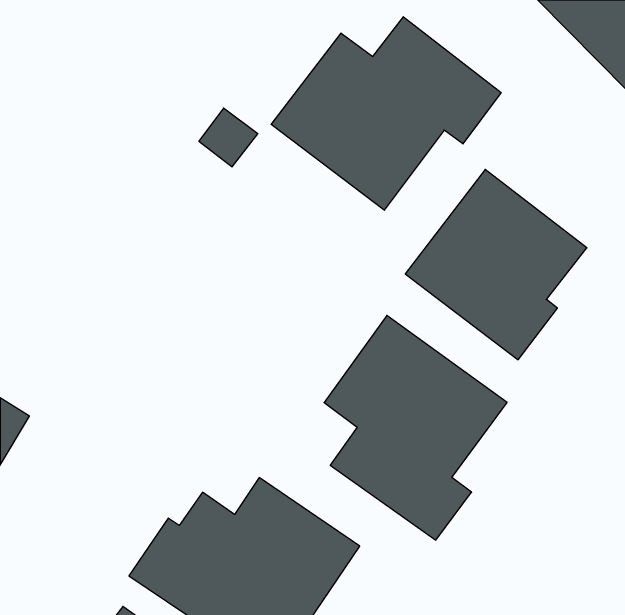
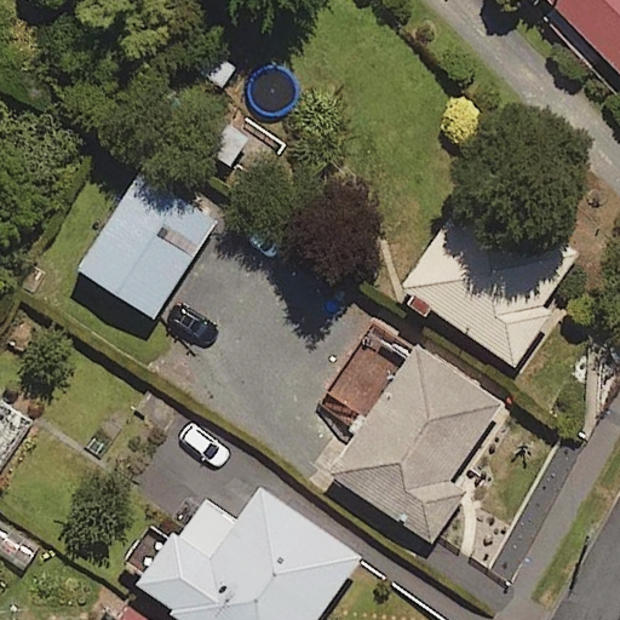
building: [271,17,501,210] -> none
building: none -> [80,174,216,317]

